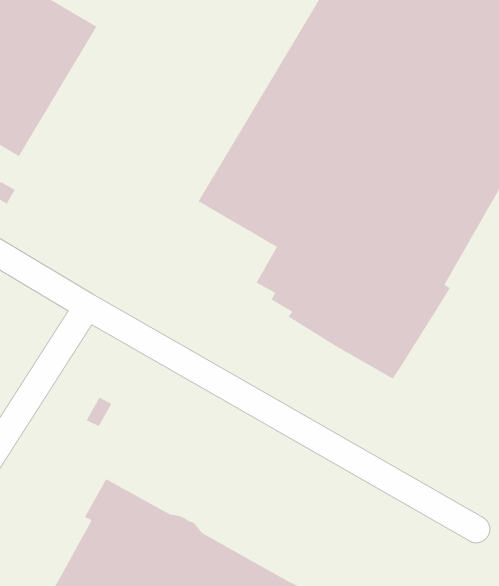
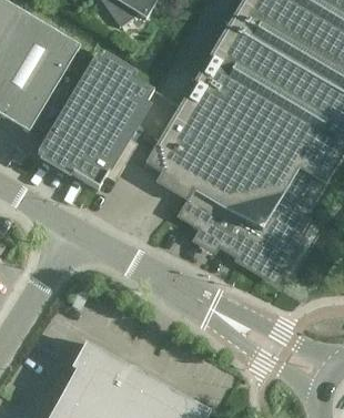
building: none -> [37,54,154,188]

